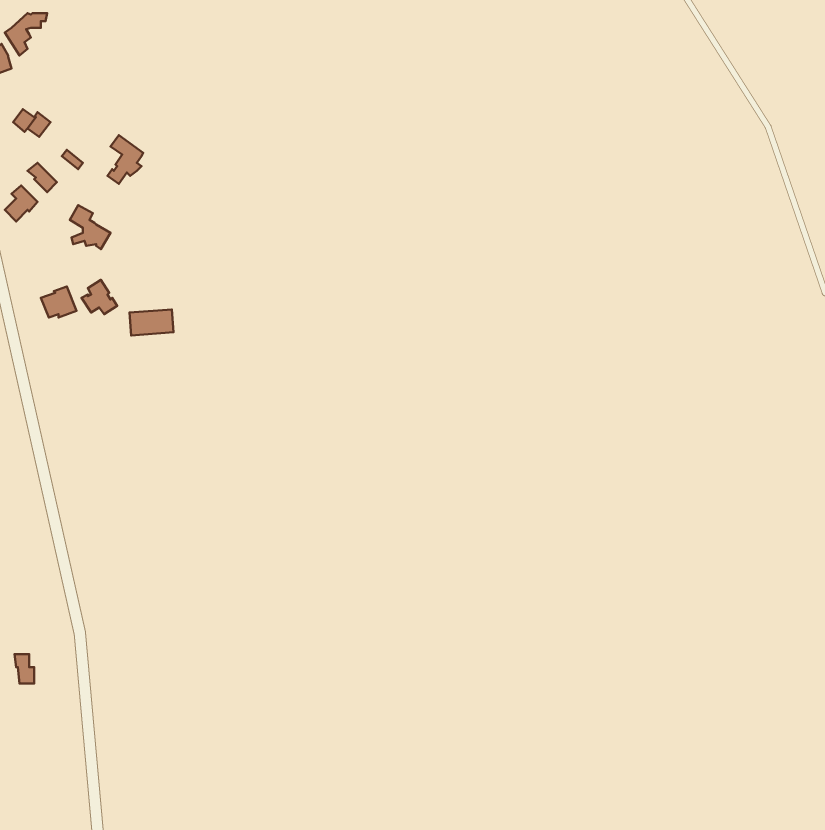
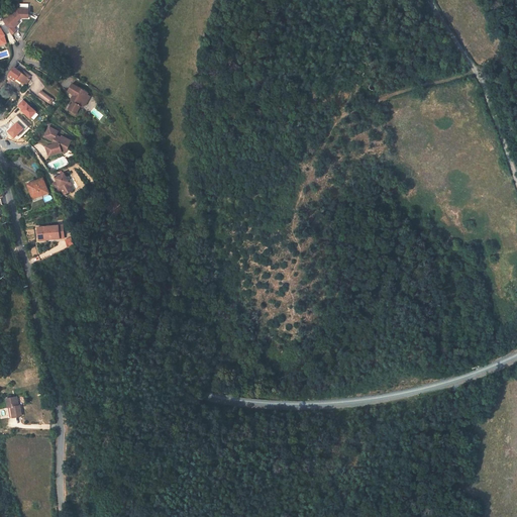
building: [130,309,174,335] -> [33,223,61,239]

